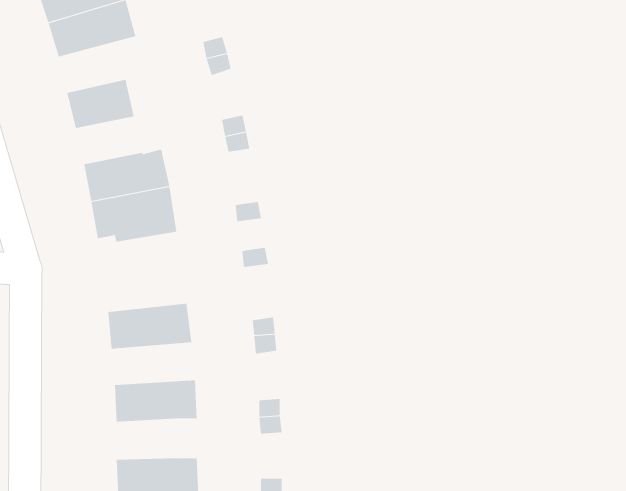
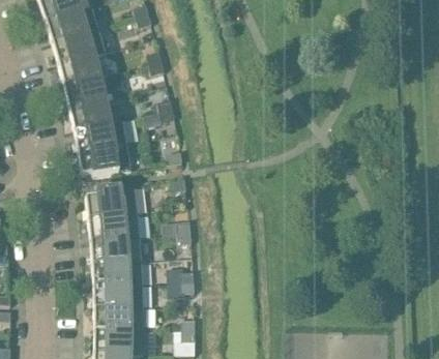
building: none -> [58,52,99,83]
building: none -> [68,97,110,126]
building: none -> [85,183,137,216]
building: none -> [90,235,142,261]
building: none -> [93,281,143,306]

